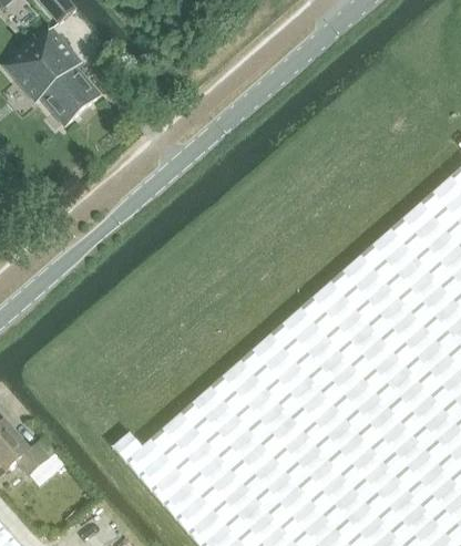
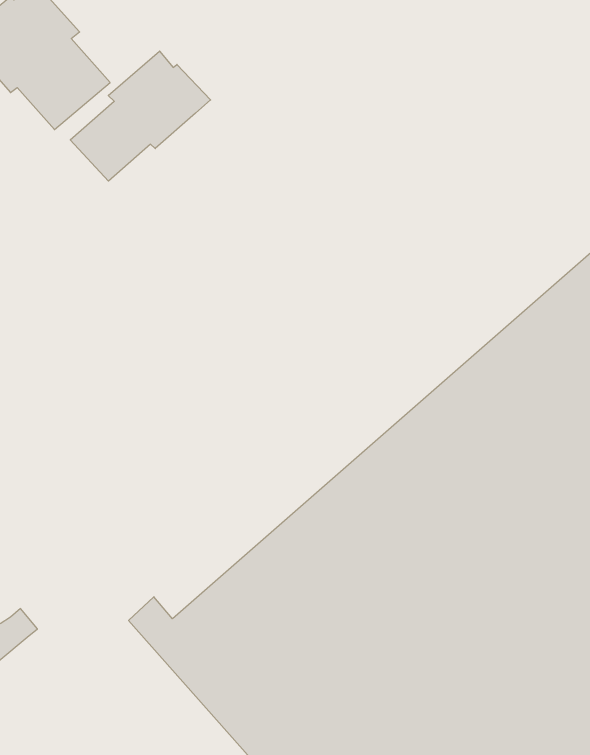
building: none -> [70,51,211,181]

